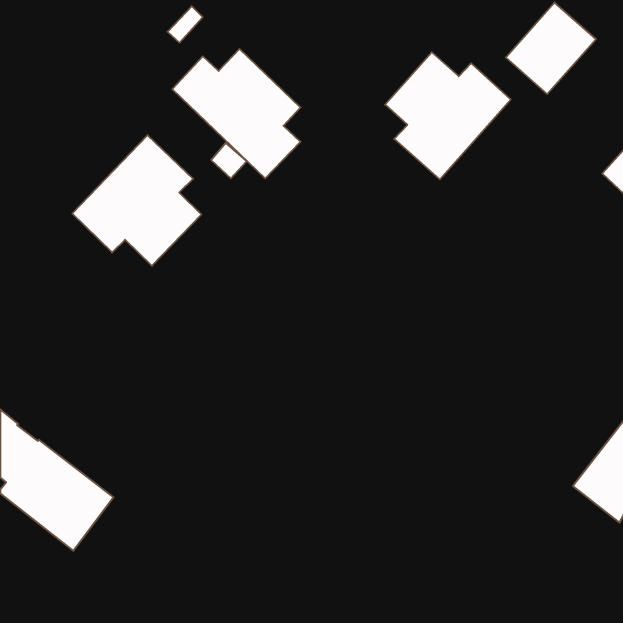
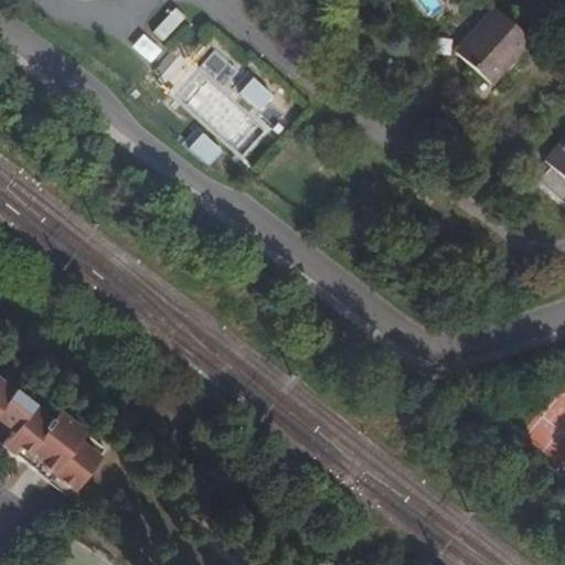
building: [385,52,511,179] -> none
building: [72,135,201,266] -> none

